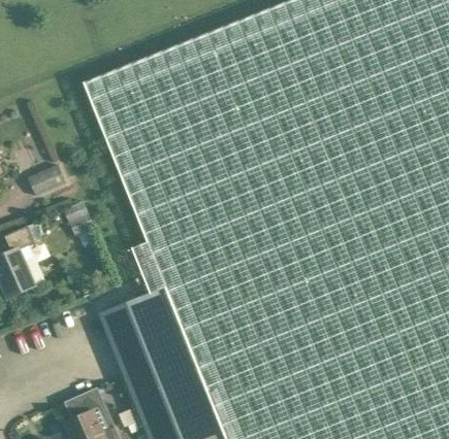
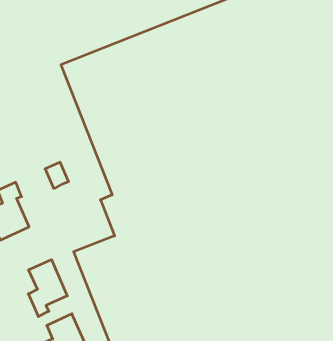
building: [29,165,67,196] -> none
building: none -> [28,260,67,317]

